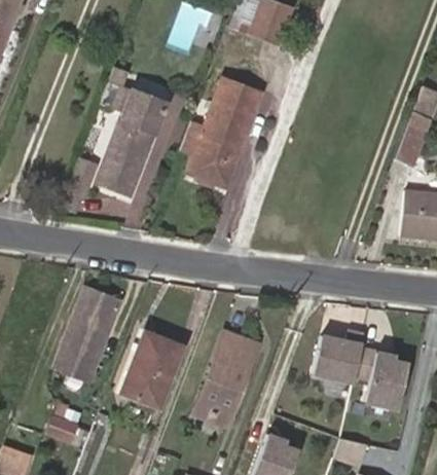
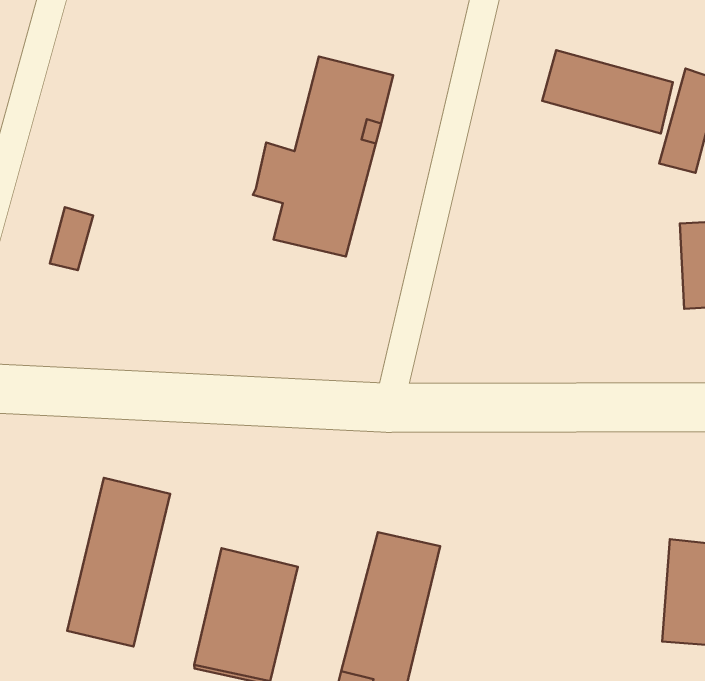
building: [94,84,162,193] -> none
building: none -> [542,50,673,134]
building: [317,335,365,386] -> none

